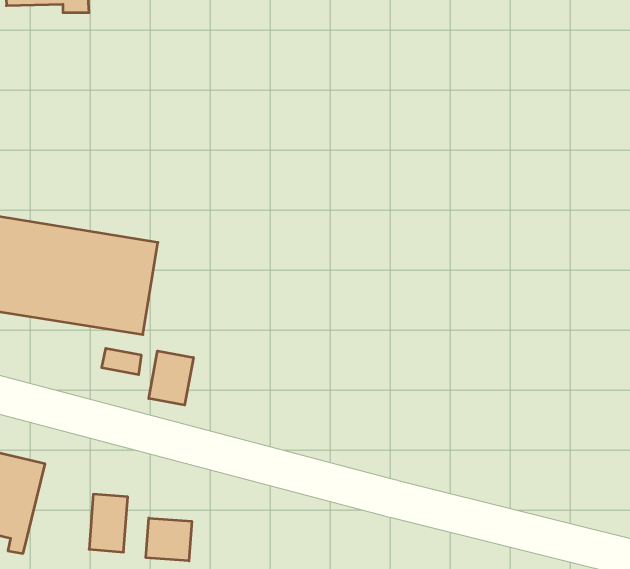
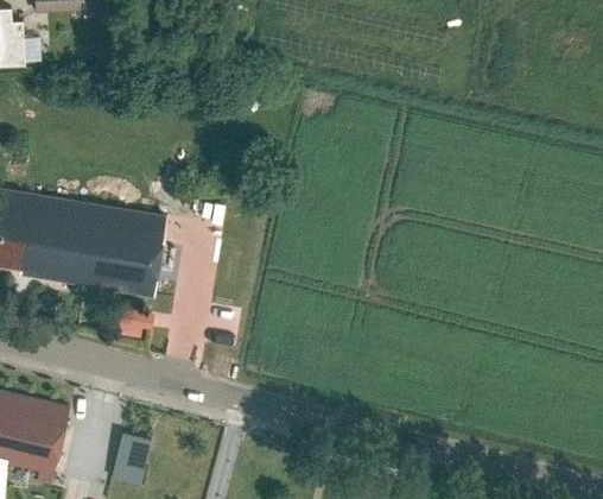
building: [149,351,193,405] -> none
building: [146,518,192,561] -> none

